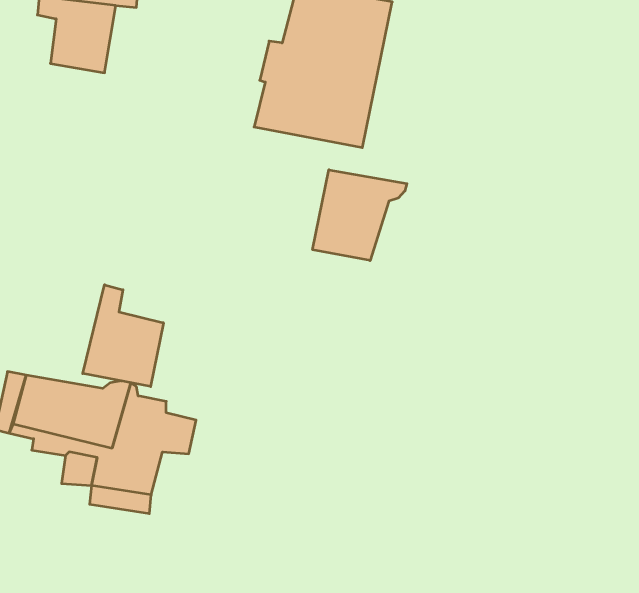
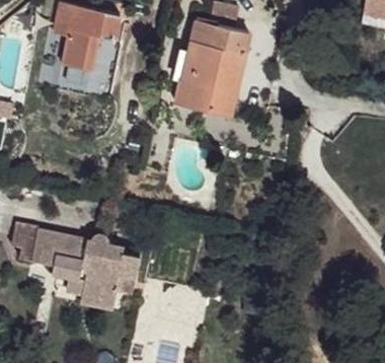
building: [313,170,407,261] -> none
building: [83,285,163,387] -> none

